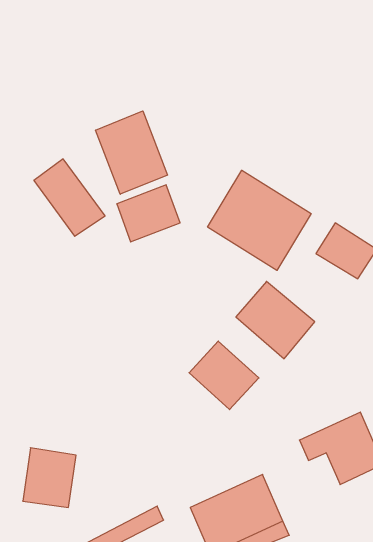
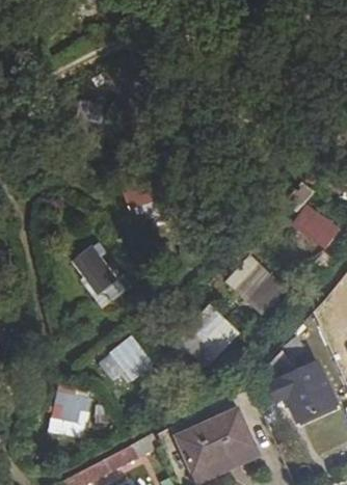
building: [96,111,167,194] -> none
building: [34,159,105,236] -> [63,238,122,301]
building: [208,170,311,270] -> none
building: none -> [101,333,146,379]

